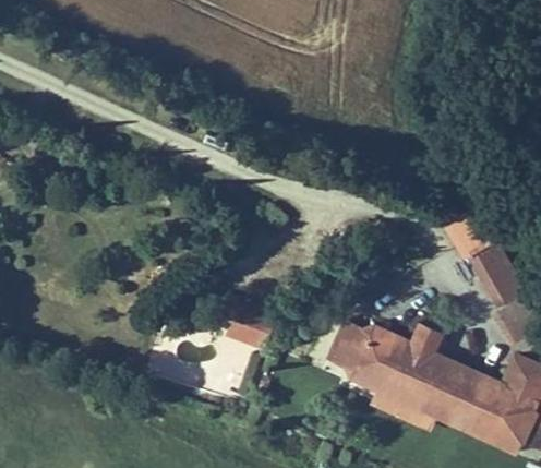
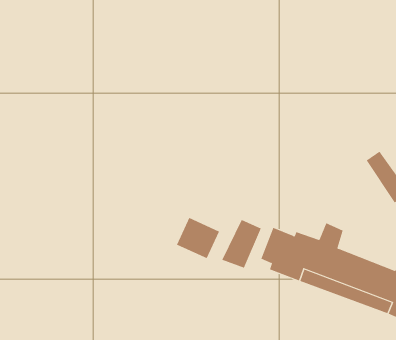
building: none -> [222,219,261,268]

